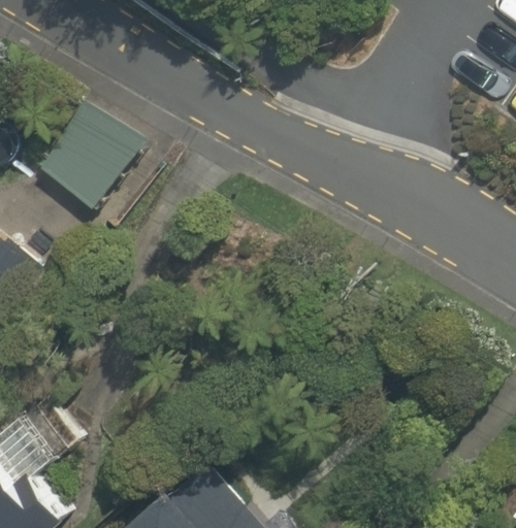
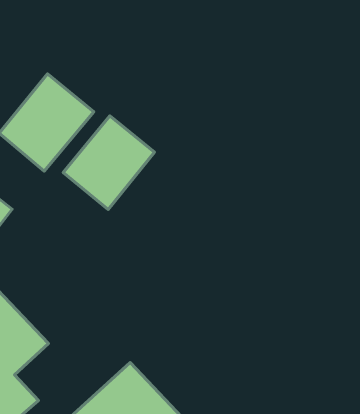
building: none -> [63,116,155,209]

